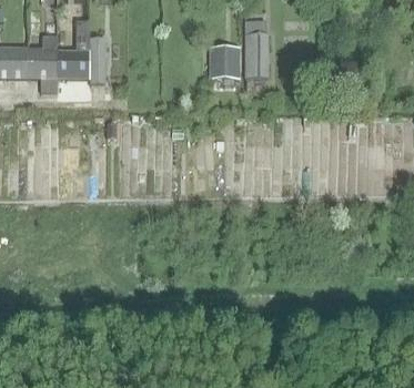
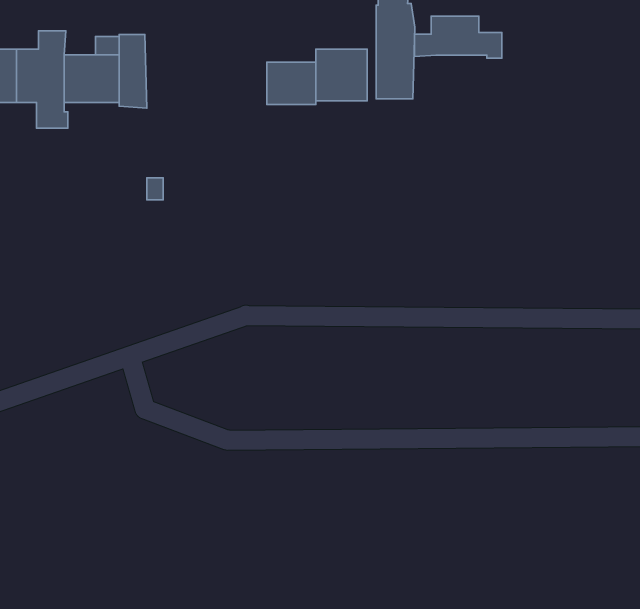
building: none -> [415,16,502,58]
building: none -> [267,62,316,105]

